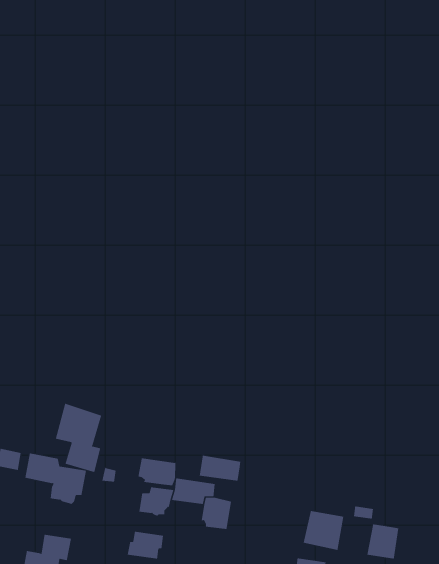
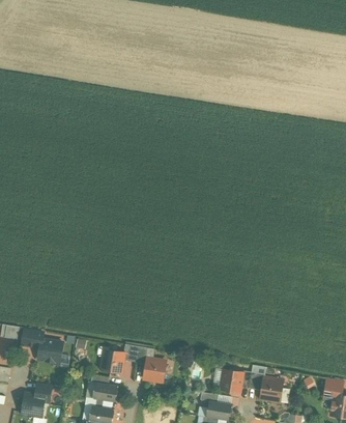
building: [55,403,102,473] -> none
building: [199,455,241,482] -> none
building: [138,457,176,486] -> none

